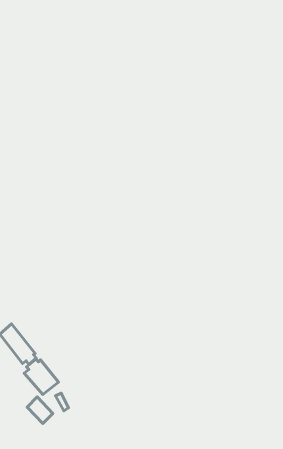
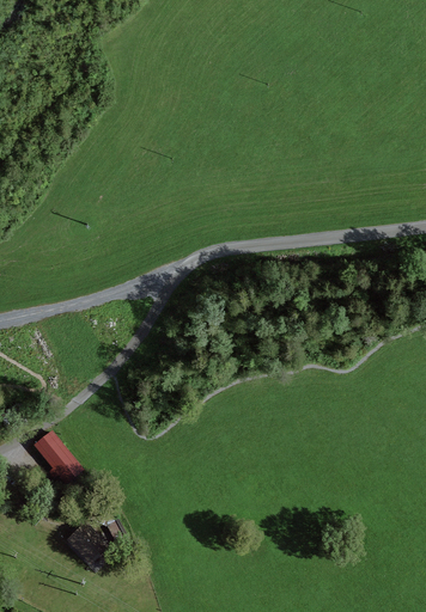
building: [24,359,58,395] -> none

